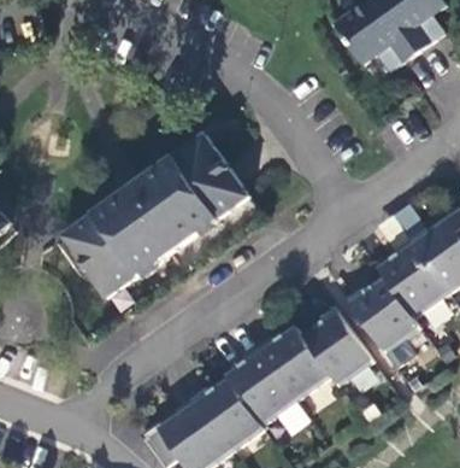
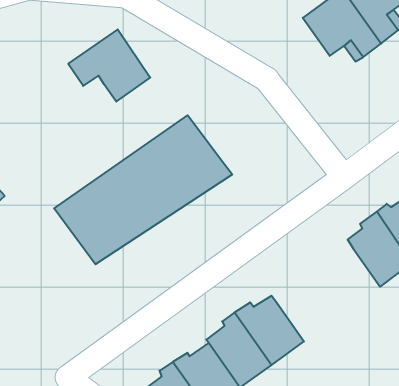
building: none -> [68,29,150,102]
building: [344,279,418,352] -> none
building: [300,308,370,388] -> none

